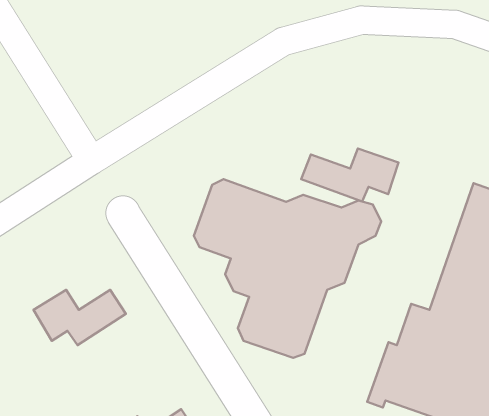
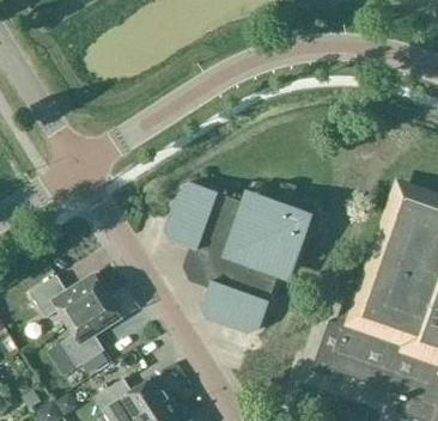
building: [301,148,399,201] -> none
building: none -> [61,295,121,367]

